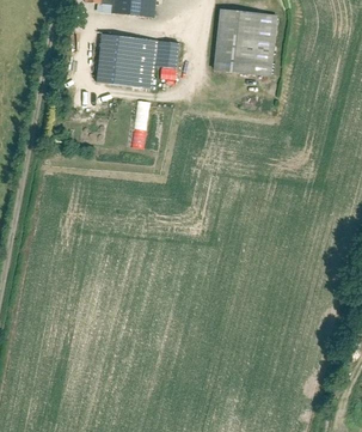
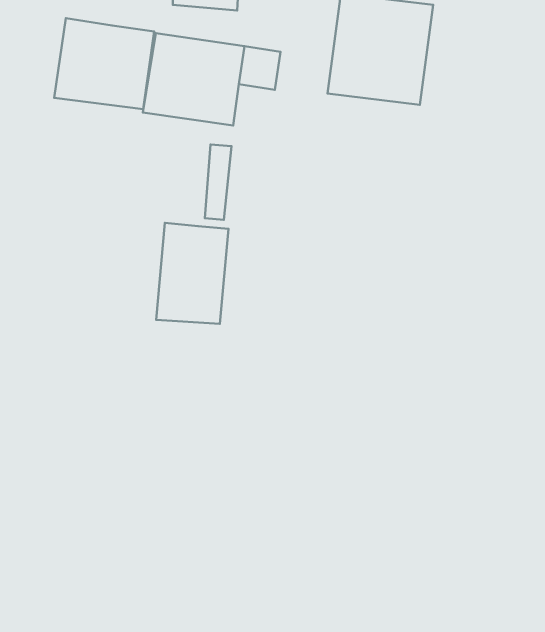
building: none -> [54,18,154,109]
building: none -> [156,223,228,324]

